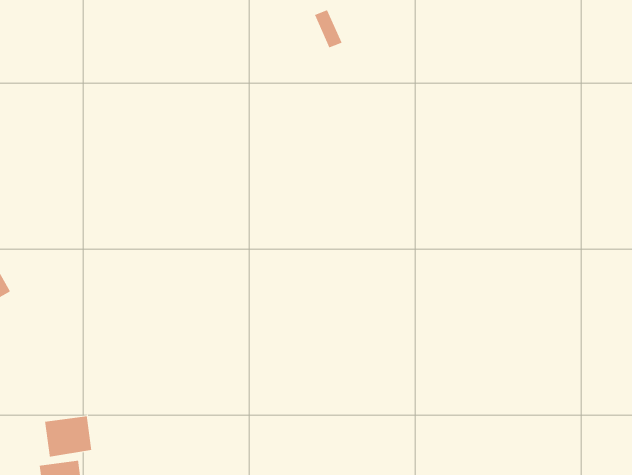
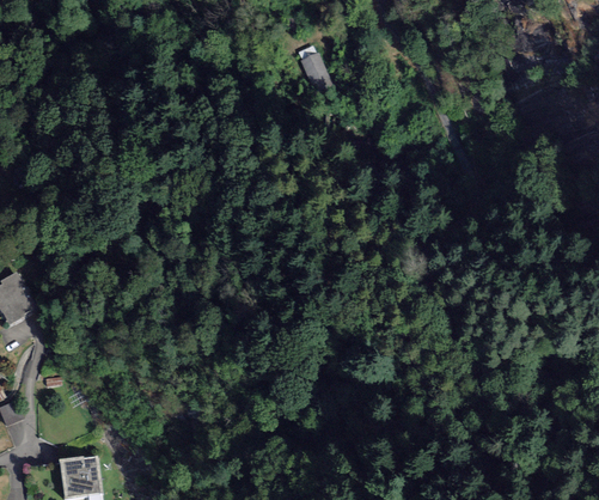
building: [45,415,92,457] -> none

